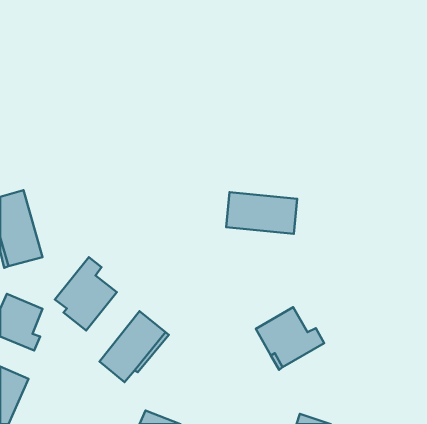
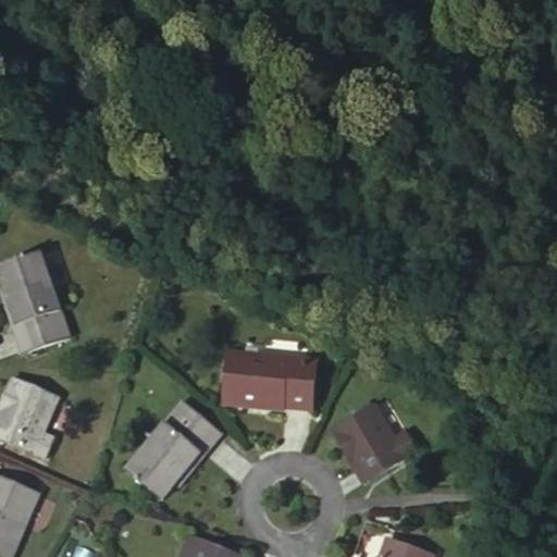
building: [226,192,297,234] -> [224,355,317,409]
building: [55,257,117,330] -> none

